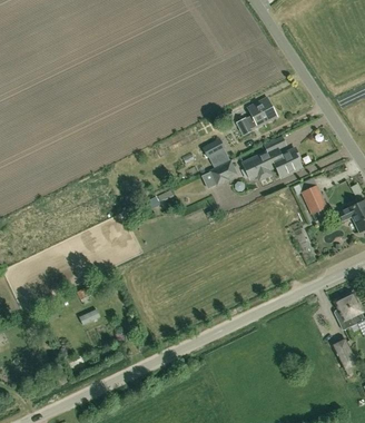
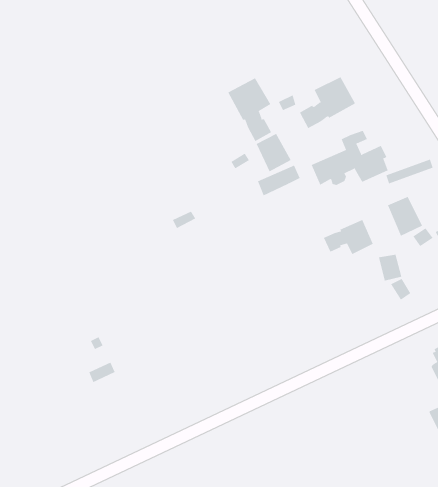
building: none -> [228,78,272,142]
building: none -> [323,219,373,255]

